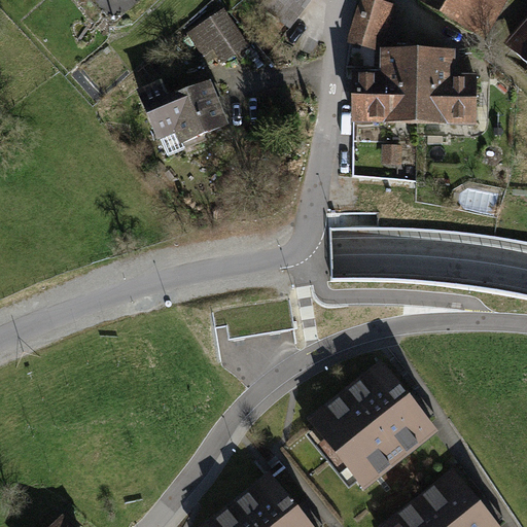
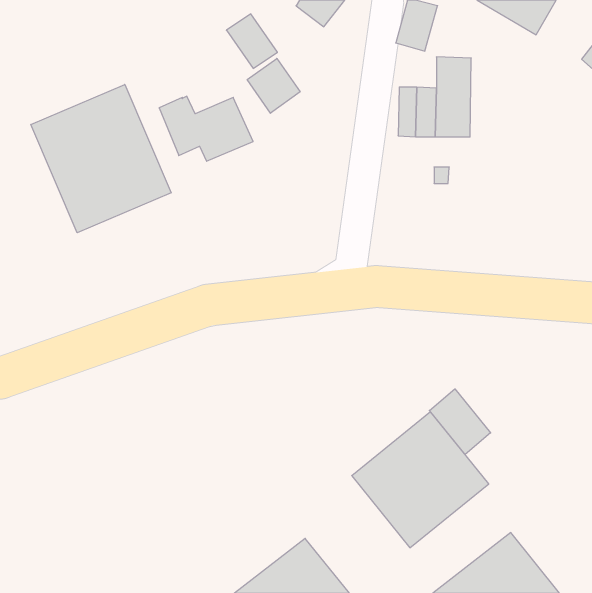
building: [418,51,477,122] -> none
building: none -> [247,58,300,113]
building: none -> [31,84,171,233]
building: none -> [429,389,491,454]

